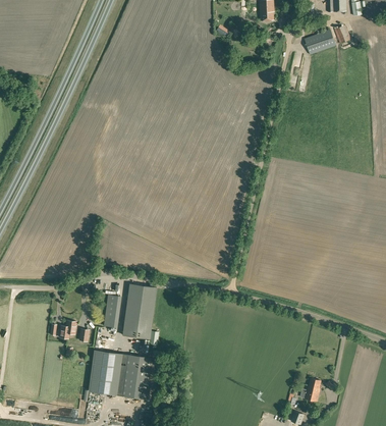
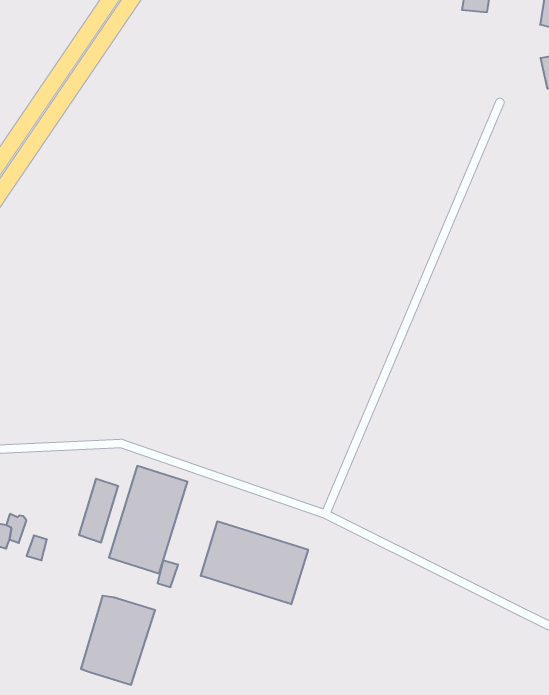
building: none -> [201,521,308,604]
building: [89,351,121,394] -> none

